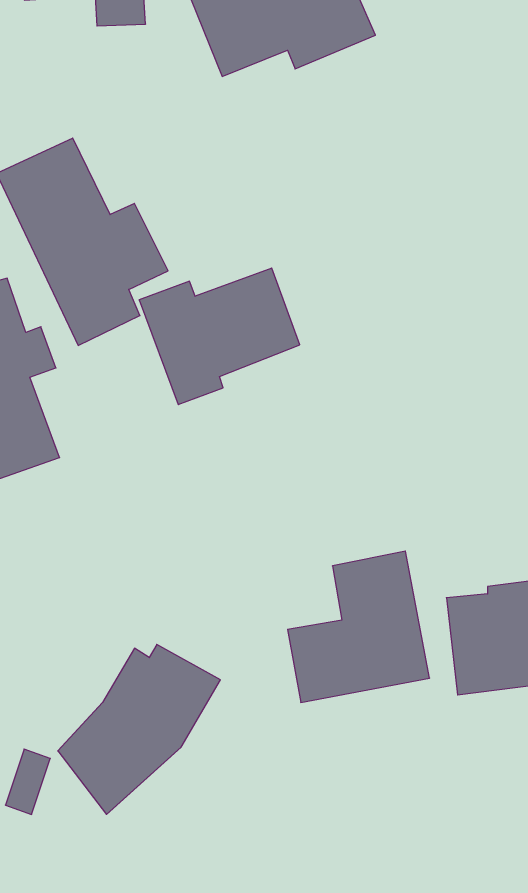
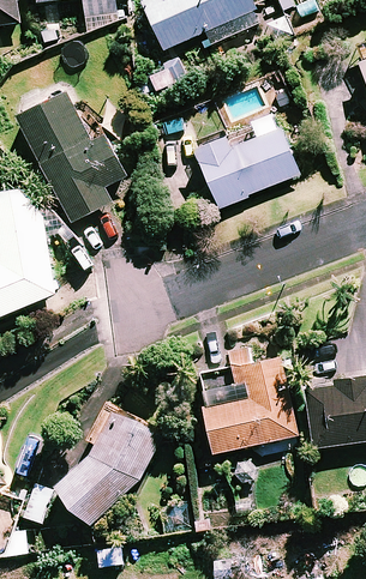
building: [139,268,300,405] -> [194,126,298,213]

